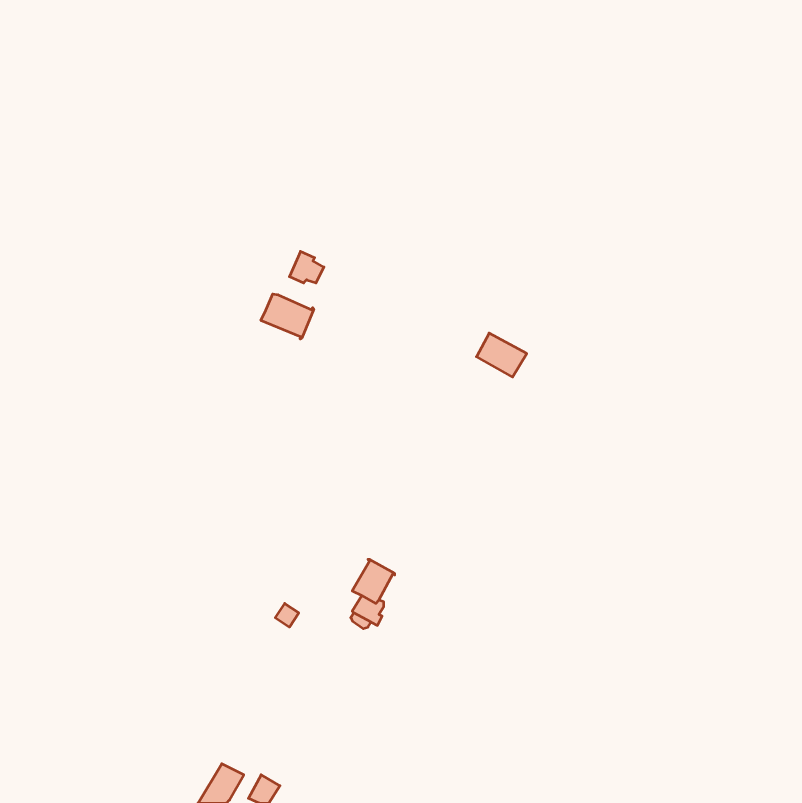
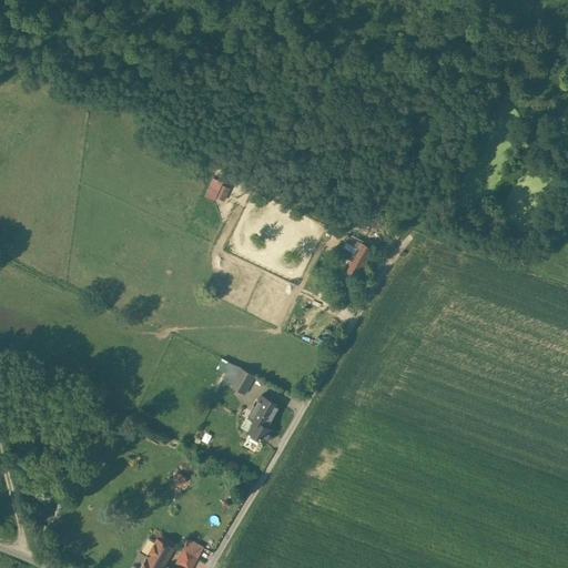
building: [261,294,314,339] -> none
building: none -> [223,364,254,394]

